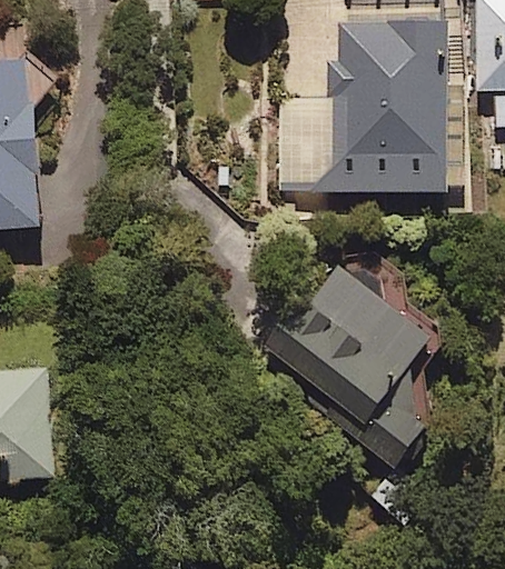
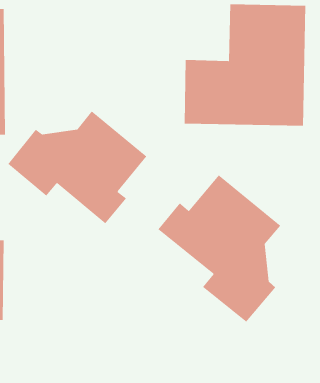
building: none -> [8,110,147,224]

